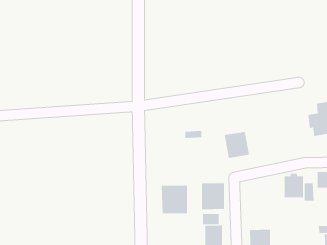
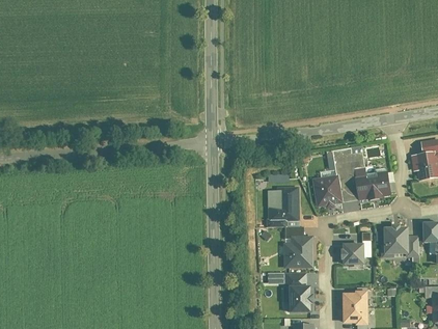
building: none -> [354,171,390,200]
building: [161,185,188,214] -> [267,186,299,220]
building: none -> [341,244,363,265]

